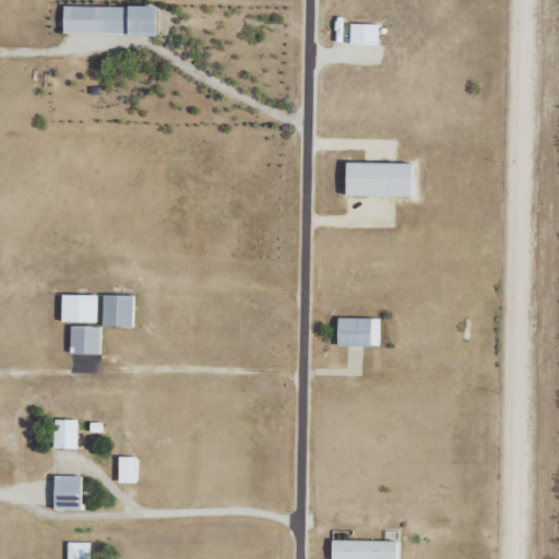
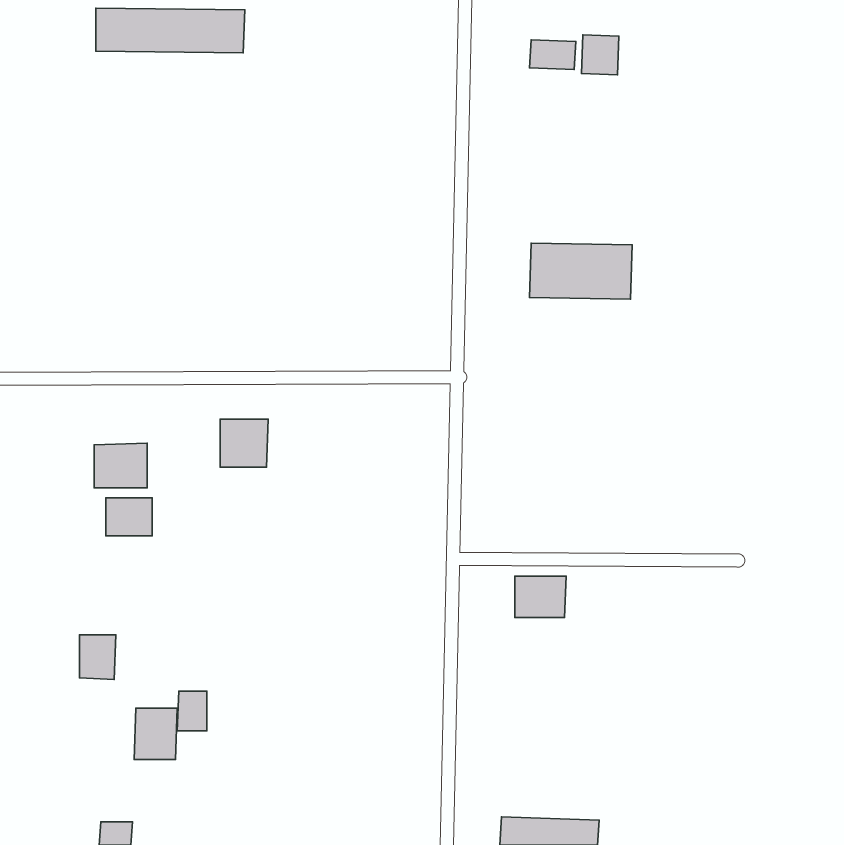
building: none -> [581,35,619,75]
building: [104,296,135,328] -> [220,419,268,467]
building: [341,318,374,345] -> [515,576,566,618]
building: [52,476,81,510] -> [134,708,177,760]

